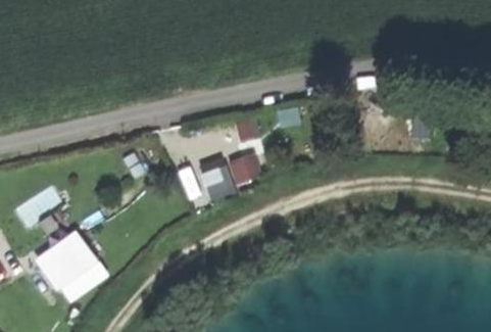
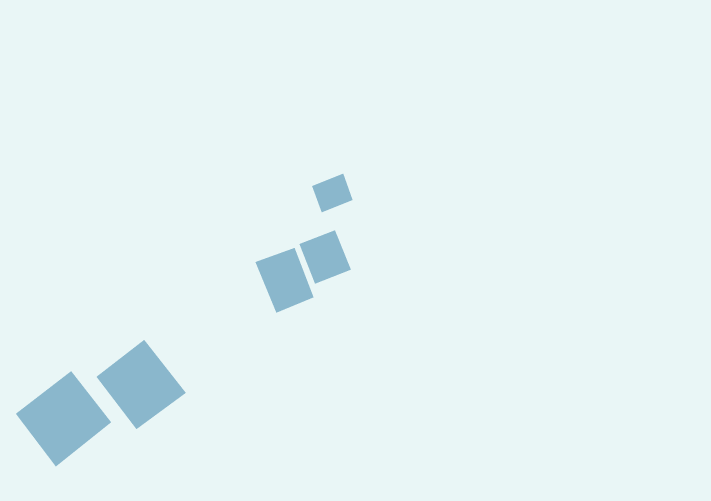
building: none -> [96,339,187,430]

